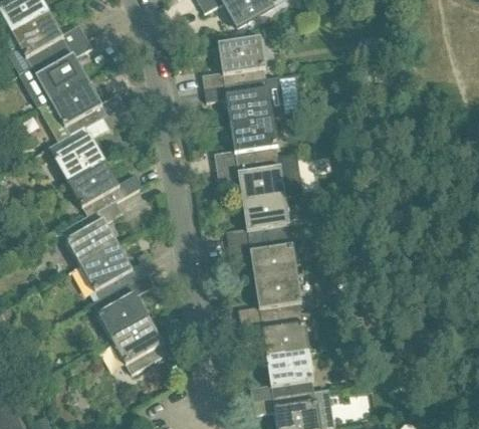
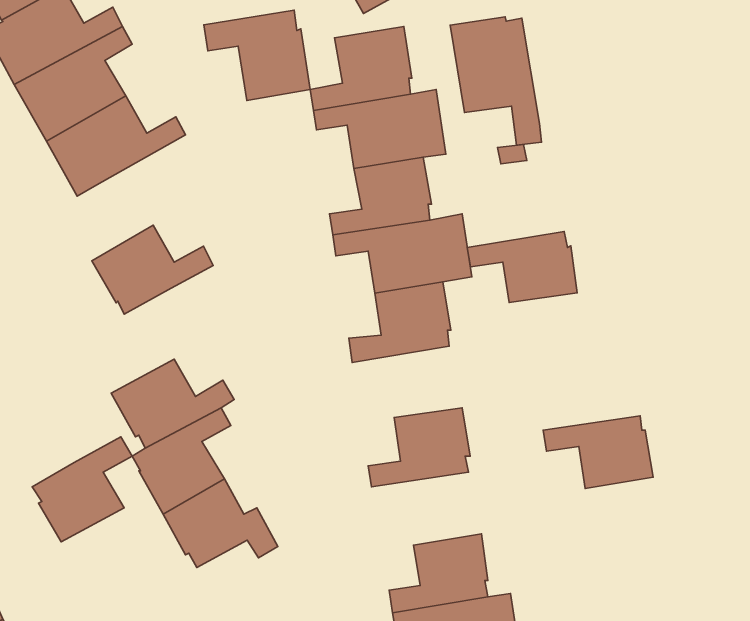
building: none -> [204,10,310,100]
building: none -> [450,17,541,145]
building: [49,102,132,181] -> none
building: [61,198,124,263] -> [32,437,132,542]
building: [229,234,297,278] -> [467,231,577,302]
building: [241,312,309,358] -> [543,416,653,488]

